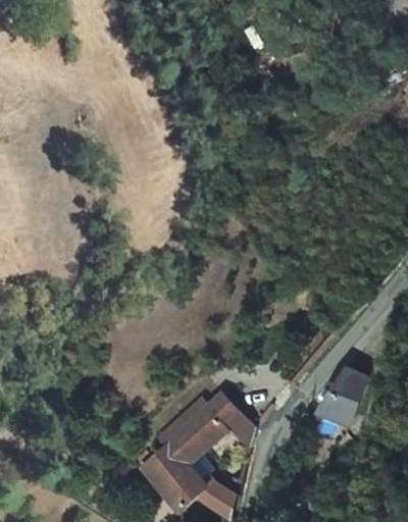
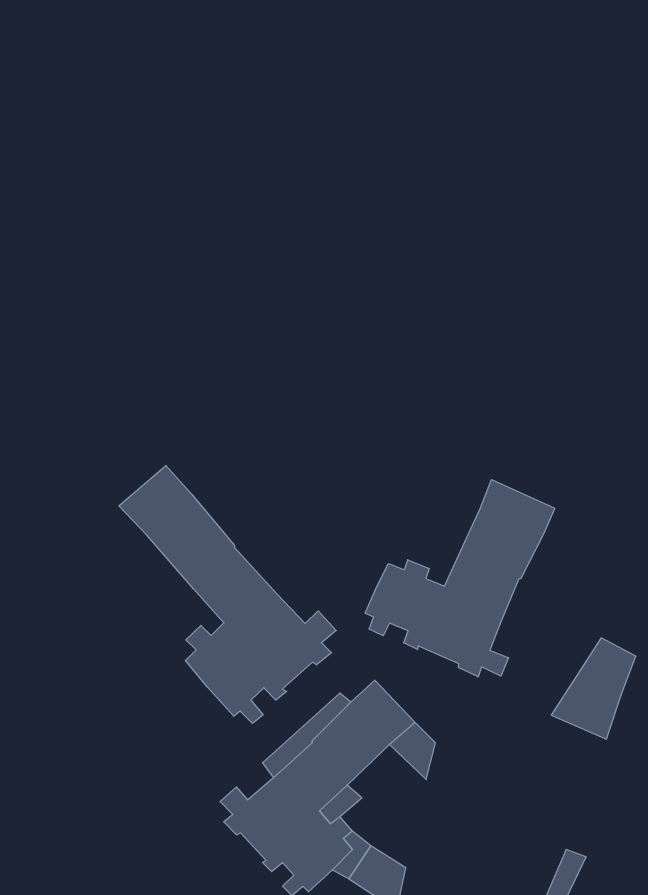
building: none -> [119,465,336,723]
building: none -> [365,480,555,677]

